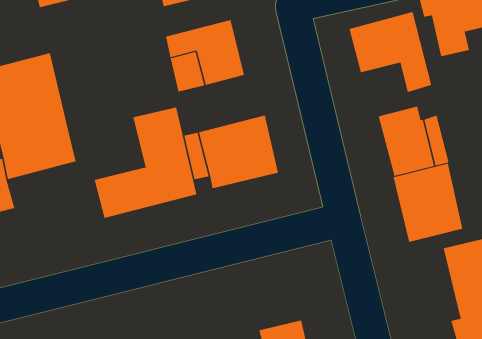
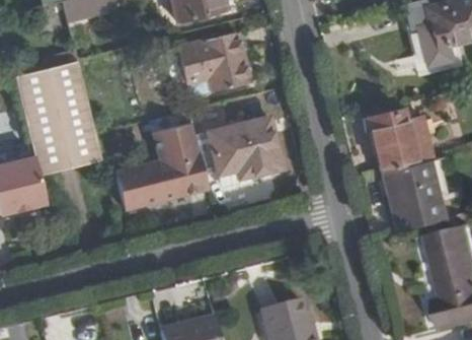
building: [349,11,432,93] -> none

